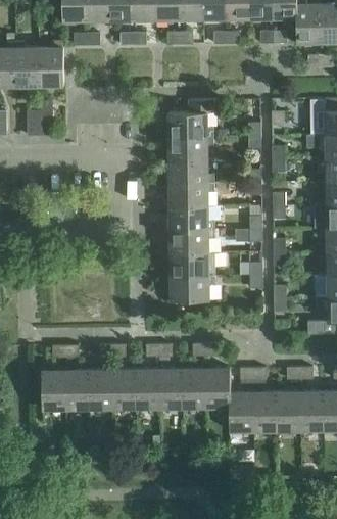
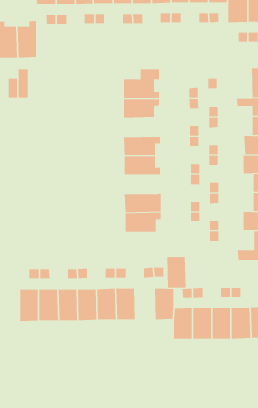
building: [167,159,213,184] -> none
building: [168,230,213,253] -> none
building: [182,369,206,408] -> [166,256,186,288]

